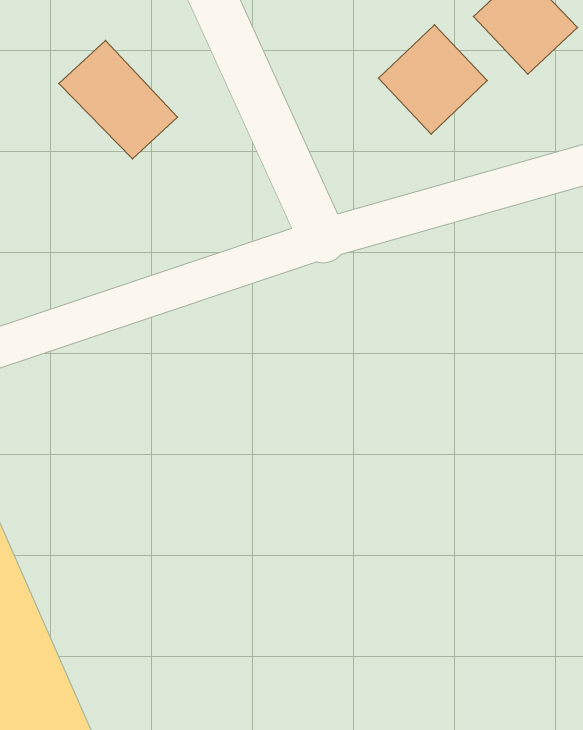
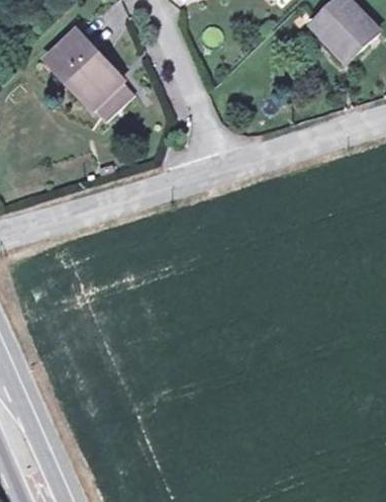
building: [378,25,487,134] -> none

